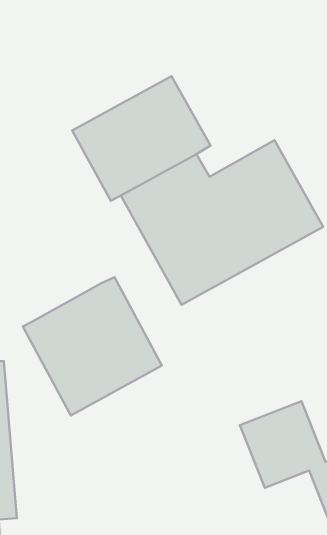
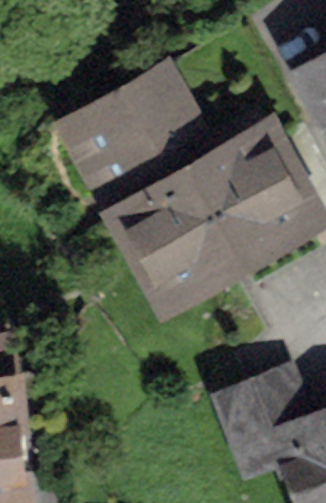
building: [23,277,162,416] -> none

